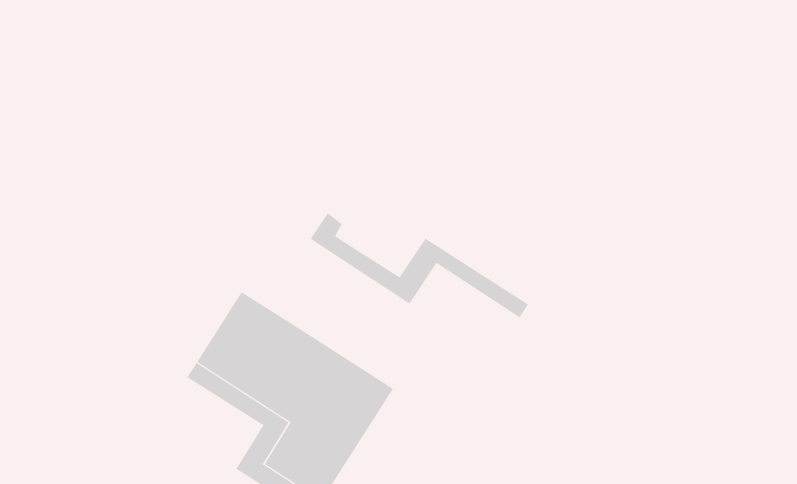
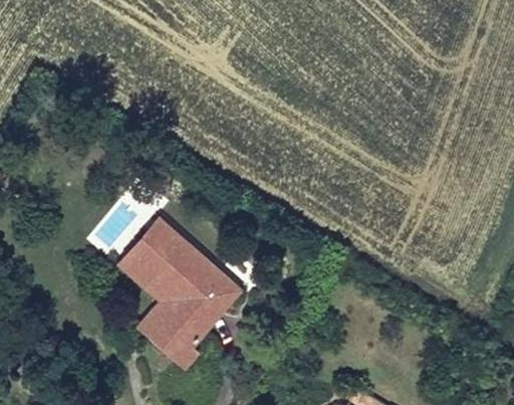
building: [310,213,529,318] -> none

